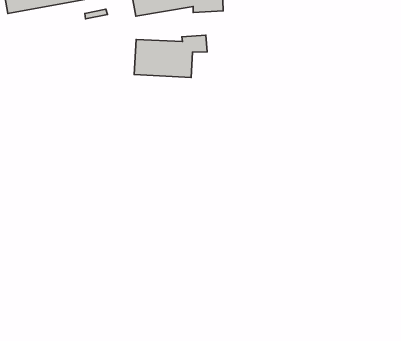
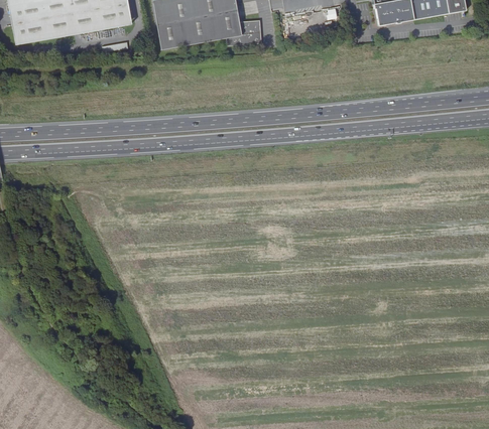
building: [134,35,207,78] -> none

